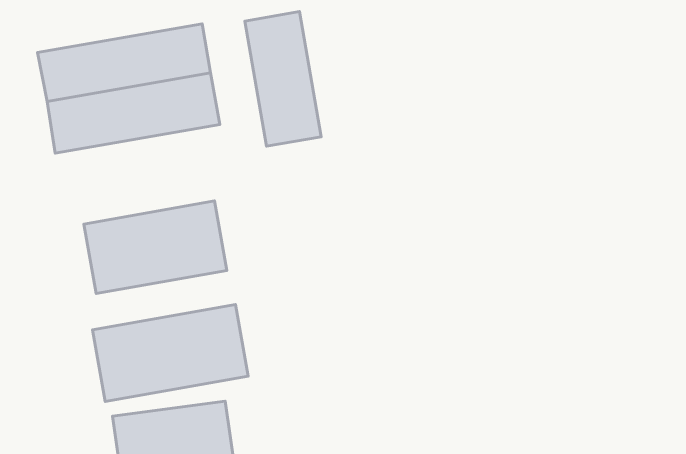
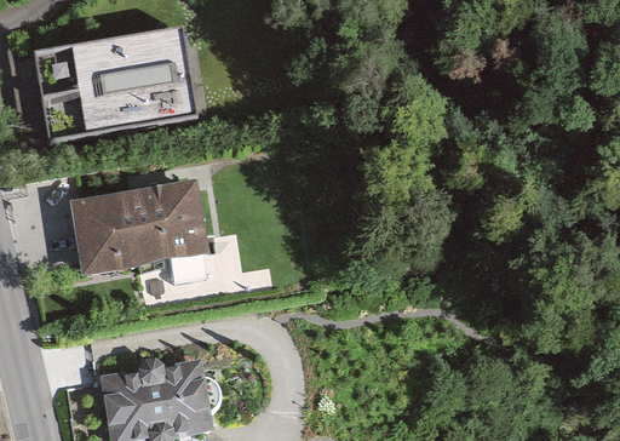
building: [245,12,321,146] -> none
building: [92,304,248,402] -> none

